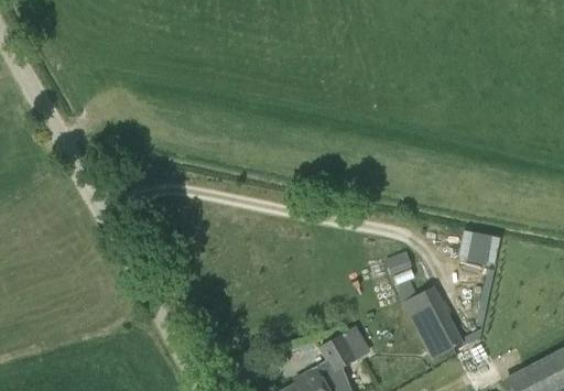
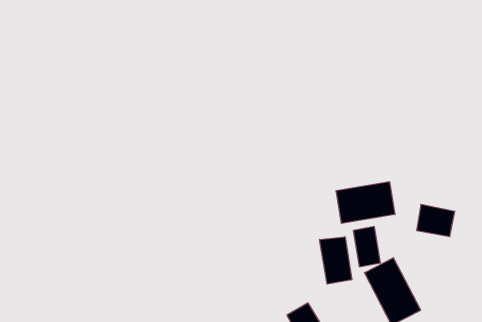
building: none -> [336,182,395,224]
building: none -> [320,237,352,284]

